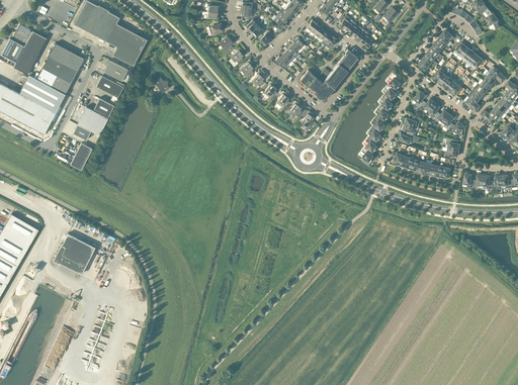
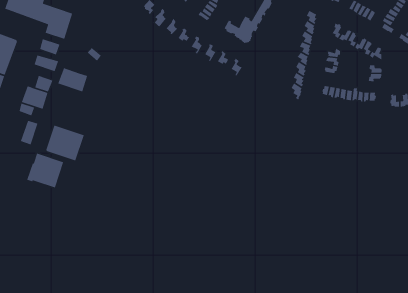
building: none -> [57,67,88,93]
building: none -> [46,125,85,161]
building: [53,233,95,274] -> [26,153,64,188]

